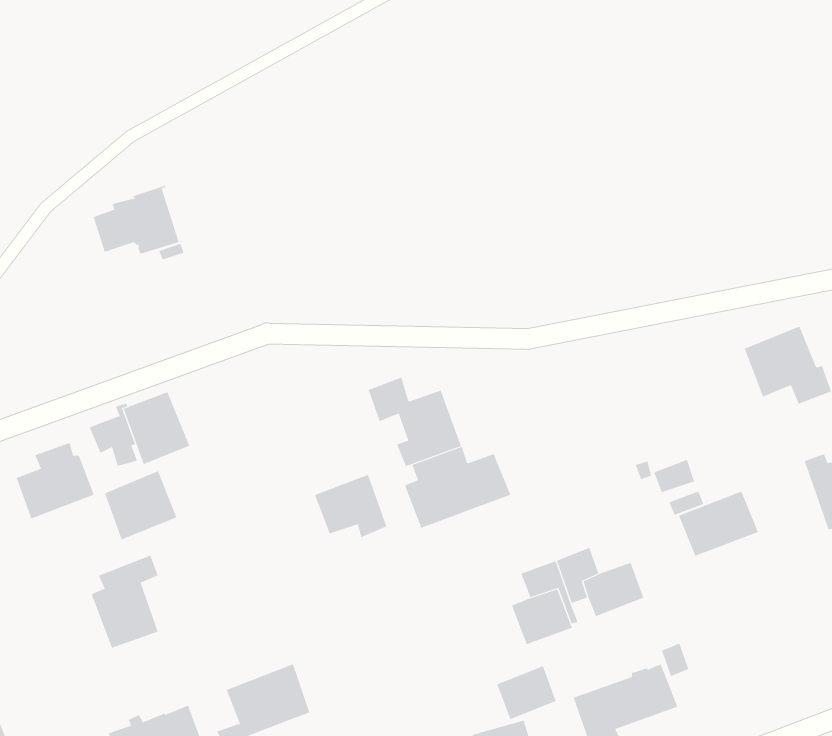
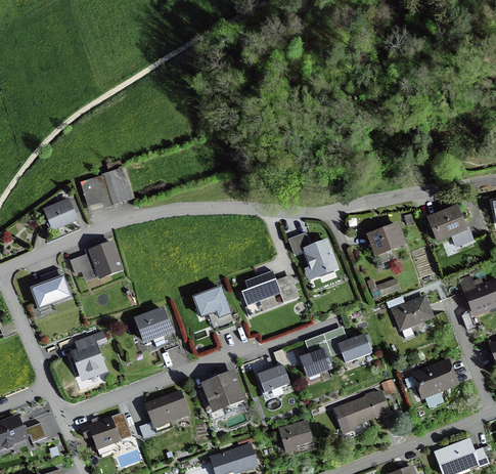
building: [93,185,183,254] -> [82,168,131,206]
building: none -> [43,198,79,231]
building: none -> [366,222,407,257]
building: [368,377,462,467] -> [288,231,340,281]
building: [104,471,177,540] -> [134,306,174,344]
building: none -> [411,358,459,399]
building: none -> [198,370,246,414]
building: [497,665,557,720] -> [258,364,290,394]

